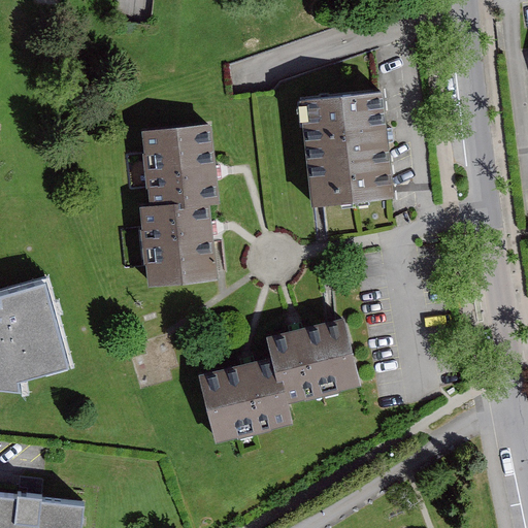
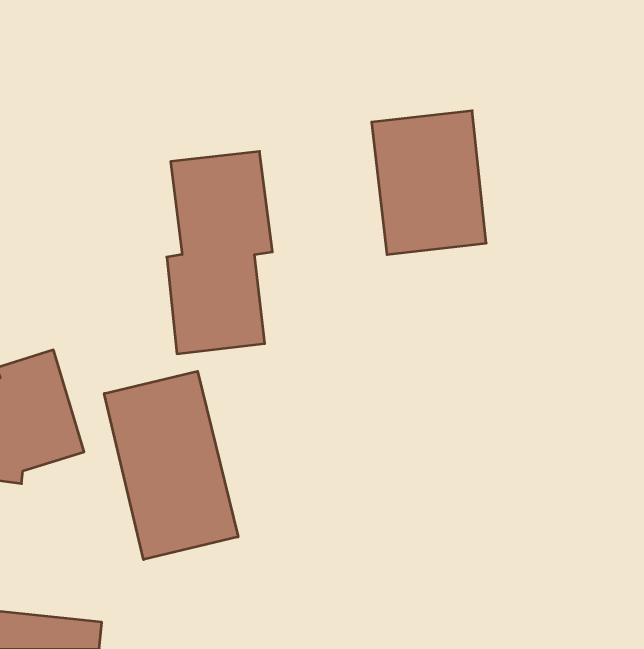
building: none -> [104,371,238,560]
building: [199,319,360,441] -> none

